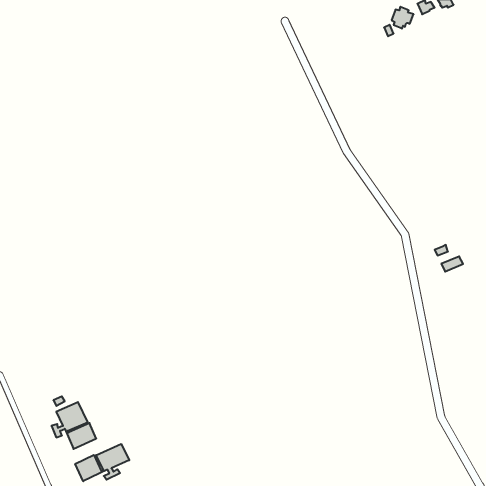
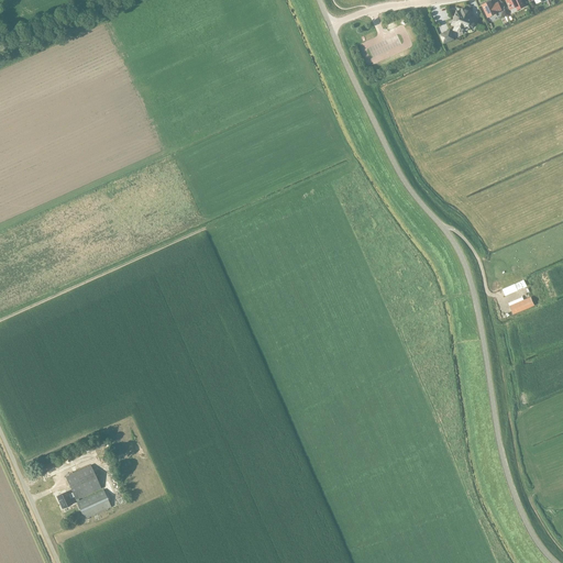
building: [75,444,129,481] -> none

